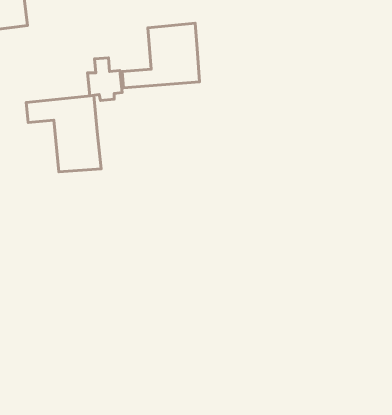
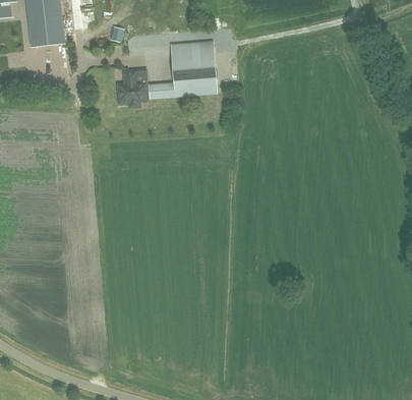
building: [26,95,101,172] -> none

